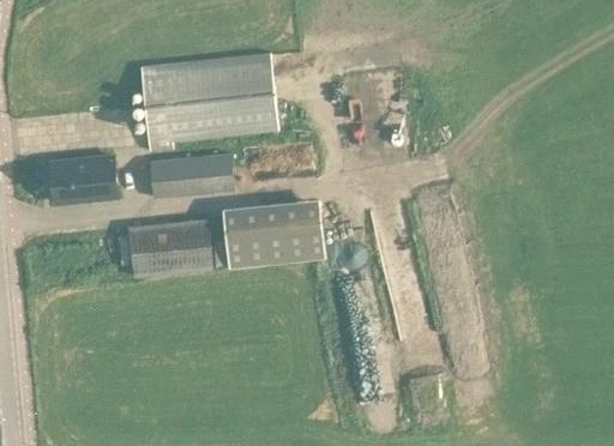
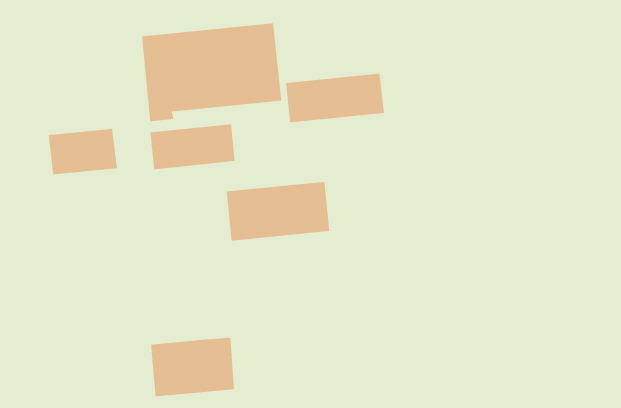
building: none -> [285,73,385,123]
building: [128,217,211,276] -> [150,337,235,397]

